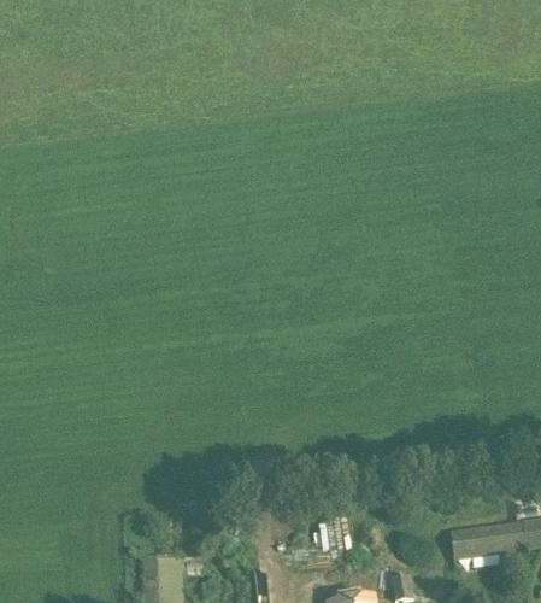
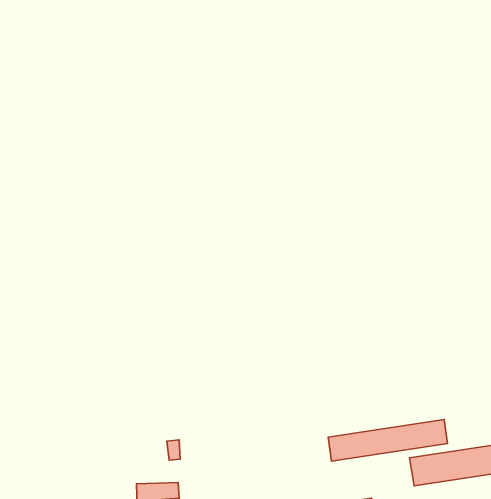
building: none -> [328,419,447,461]

